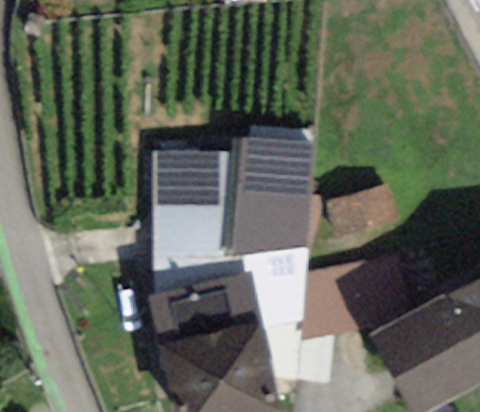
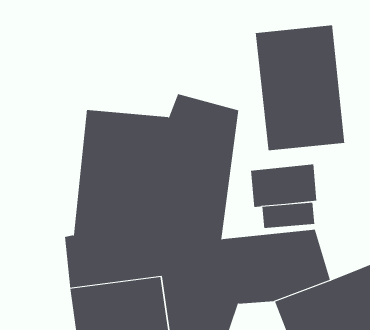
building: none -> [255,24,345,151]

